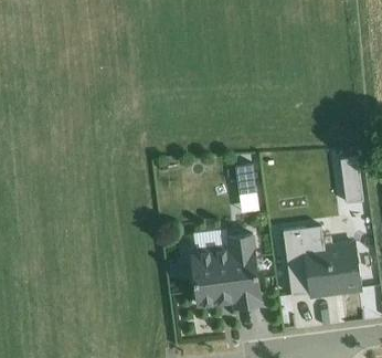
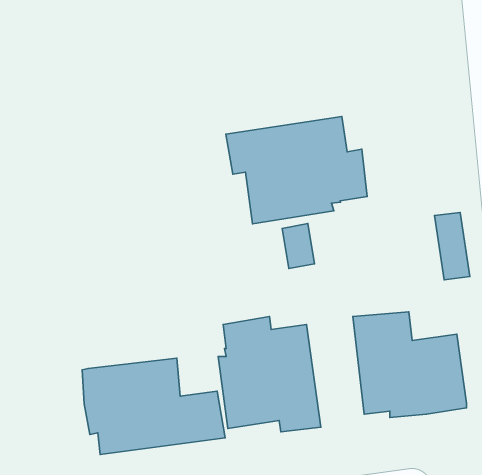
building: none -> [226,116,367,224]
building: none -> [82,358,225,454]

